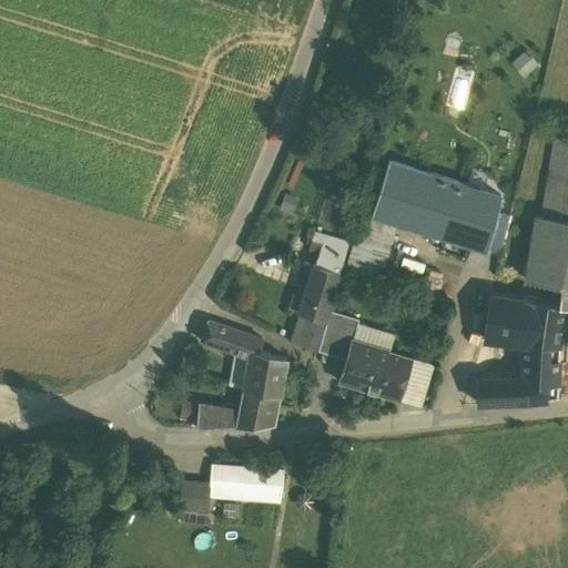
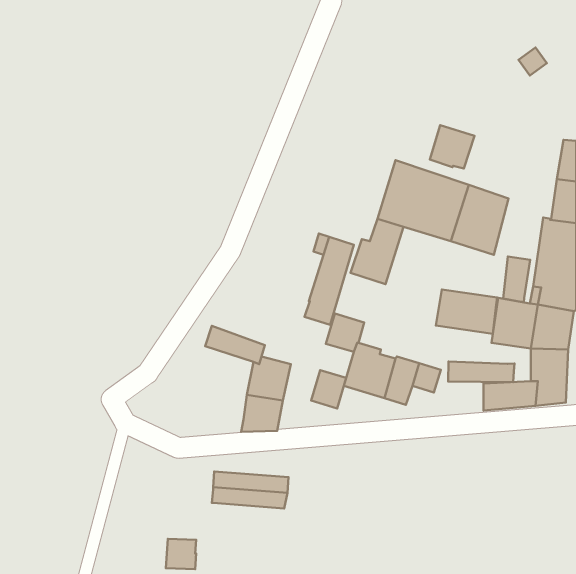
building: none -> [430,125,474,168]
building: none -> [503,256,530,302]
building: none -> [436,289,497,334]
building: [291,314,325,352] -> [311,370,346,408]
building: none -> [448,362,514,382]
building: [196,407,240,429] -> none
building: [180,483,210,513] -> [166,539,196,569]

